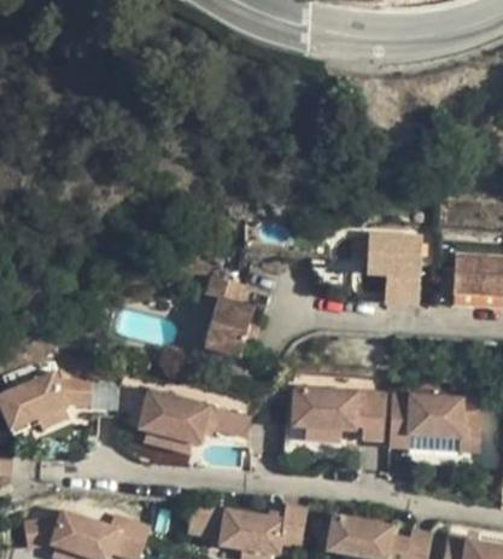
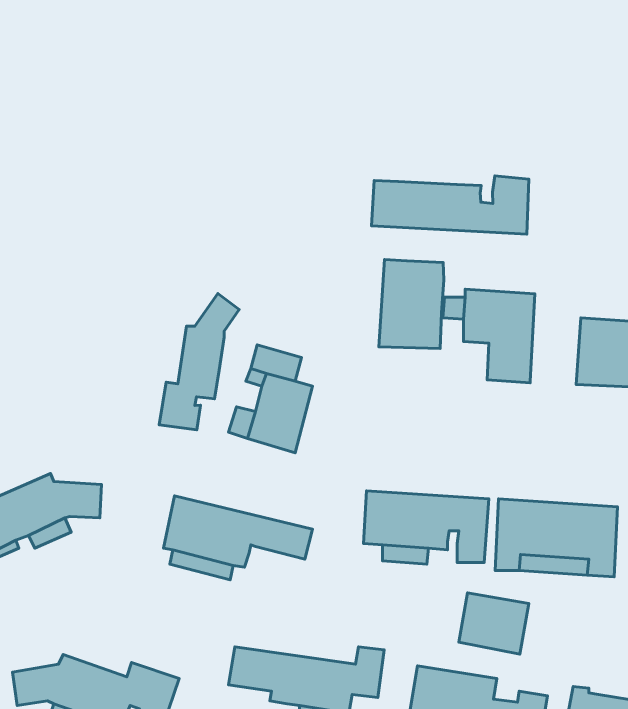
building: none -> [371,176,529,234]
building: none -> [379,260,444,348]
building: none -> [159,293,239,430]
building: none -> [459,593,529,654]

